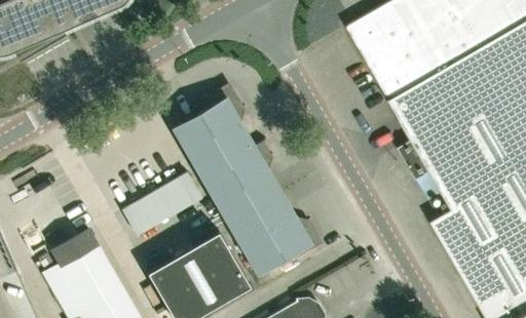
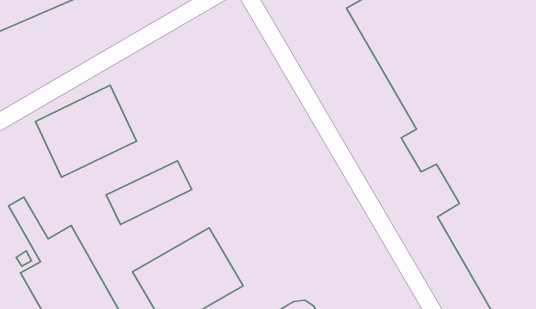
building: [173,85,320,274] -> none
building: none -> [35,85,136,177]

